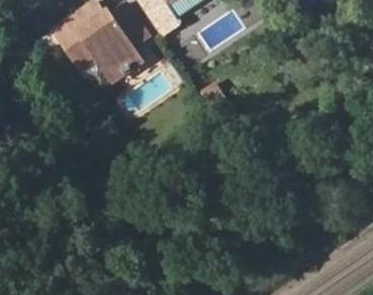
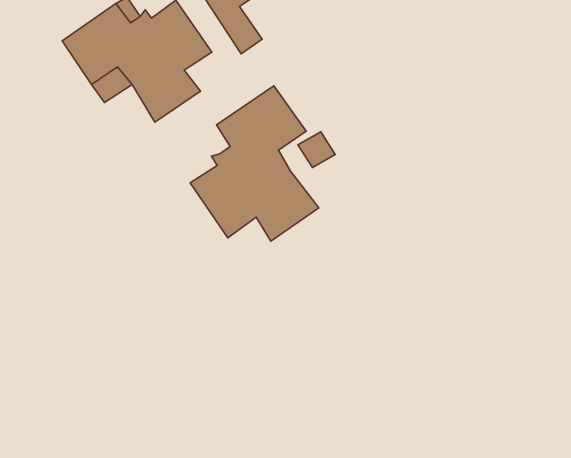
building: none -> [190,86,319,241]

